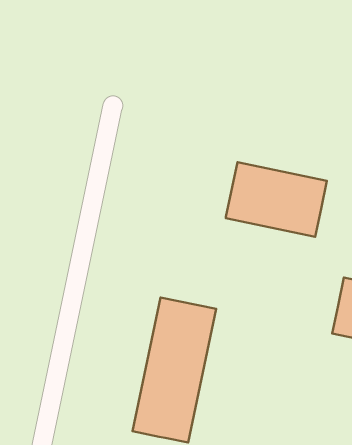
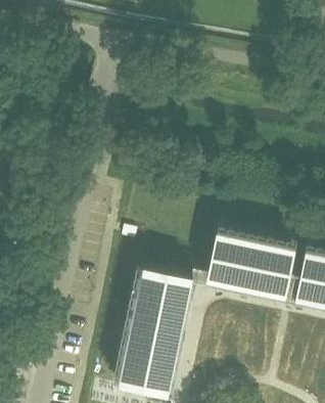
building: [226,162,327,237] -> [205,234,294,300]

